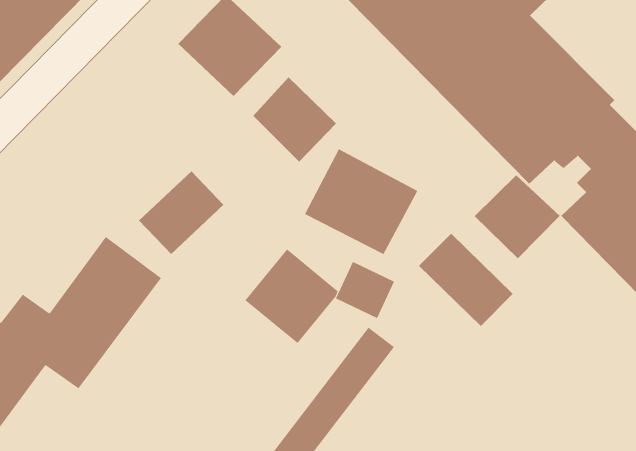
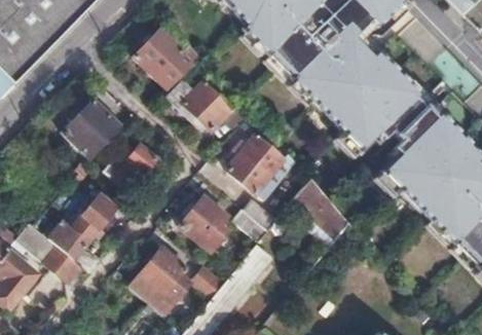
building: none -> [59,96,124,161]
building: [474,174,560,259] -> none
building: none -> [127,246,223,320]

